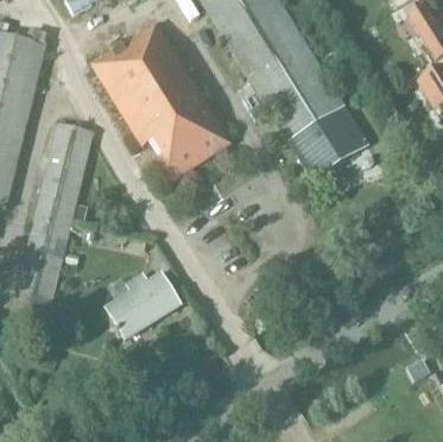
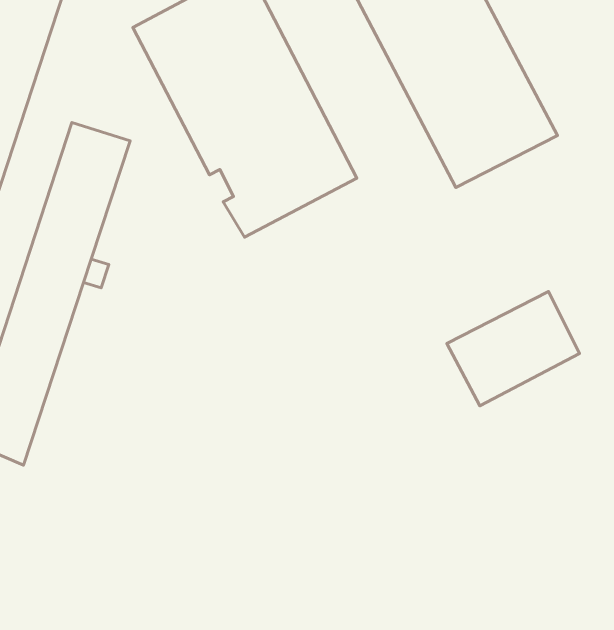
building: [290,106,369,177] -> [447,291,580,406]
building: [105,269,181,336] -> none

